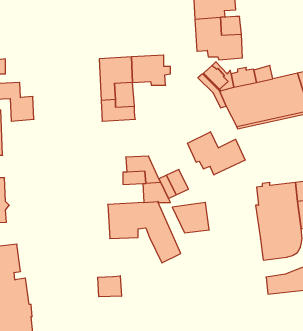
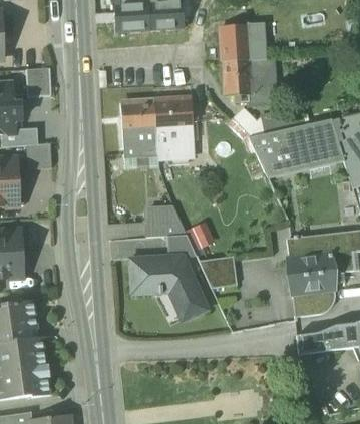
building: none -> [25,68,50,97]
building: none -> [155,127,192,159]
building: [188,132,245,175] -> none
building: [98,276,121,297] -> none

